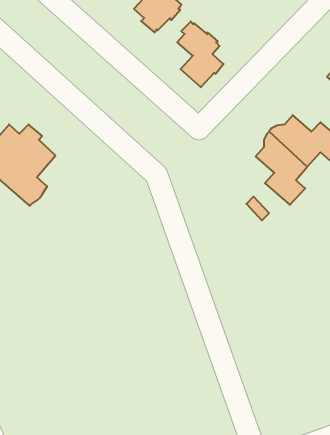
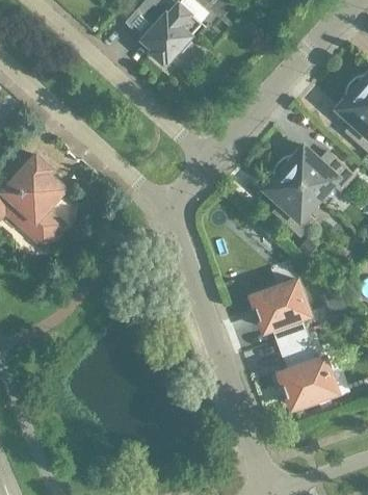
building: [177,21,224,87] -> none
building: none -> [253,282,336,408]

